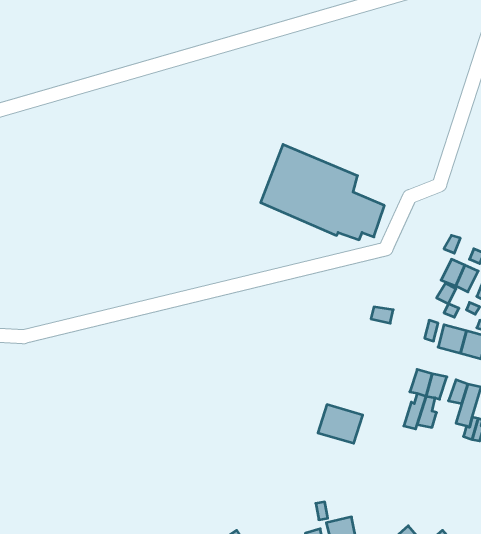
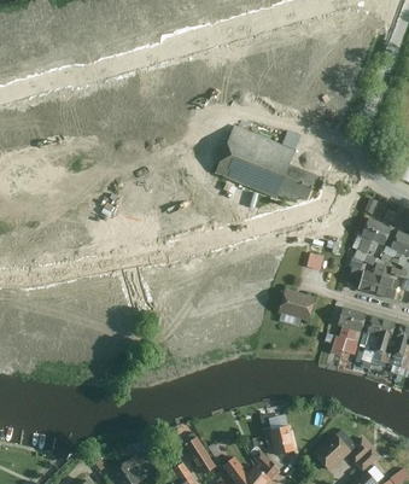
building: [318,405,363,443] -> [279,288,315,320]

